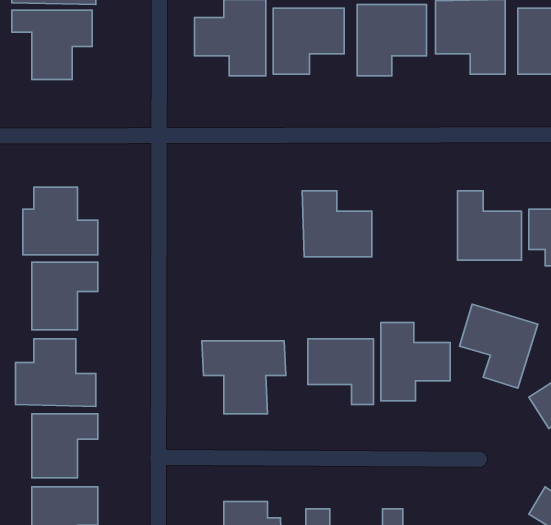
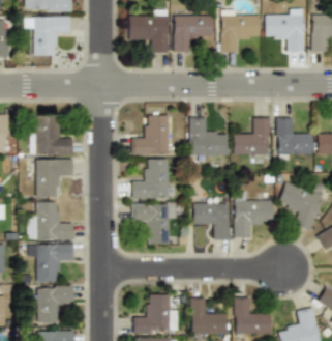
building: none -> [133,115,170,154]
building: none -> [234,117,270,154]
building: none -> [132,159,179,199]

